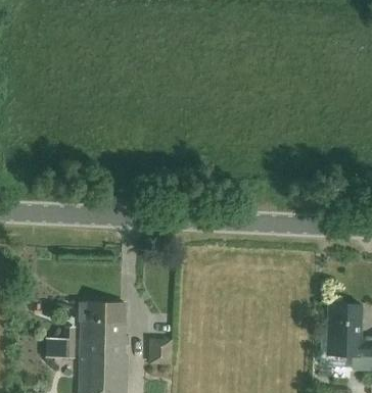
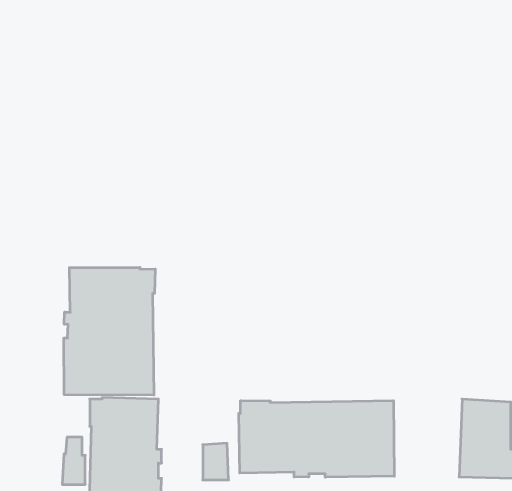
building: none -> [64,267,155,395]
building: none -> [239,401,394,477]

